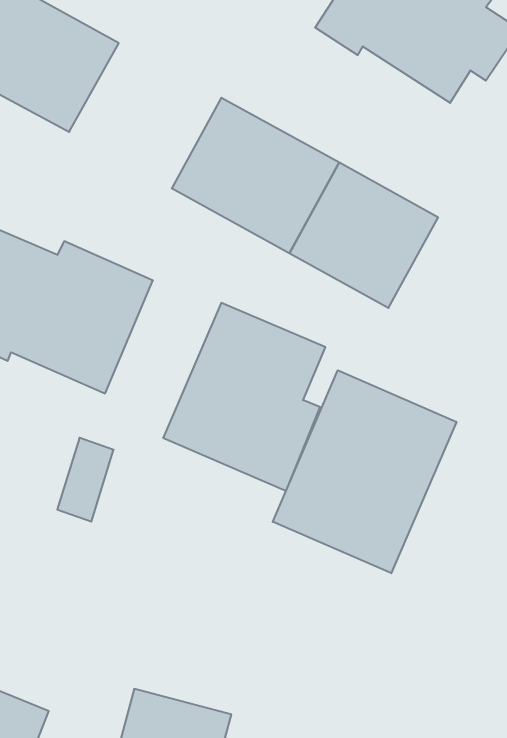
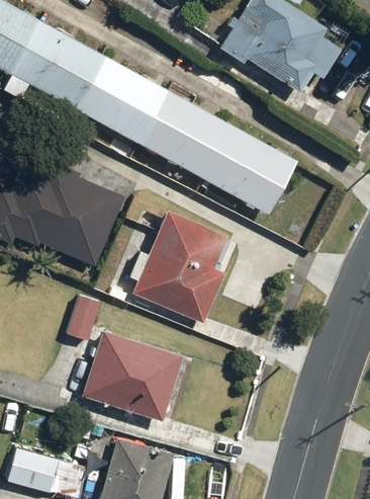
building: none -> [76,58,166,144]
building: [273,370,456,573] -> none
building: none -> [82,329,182,421]

